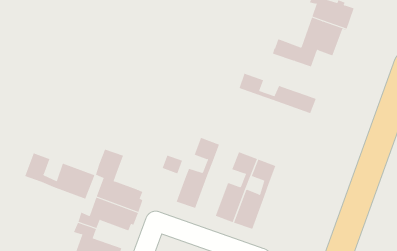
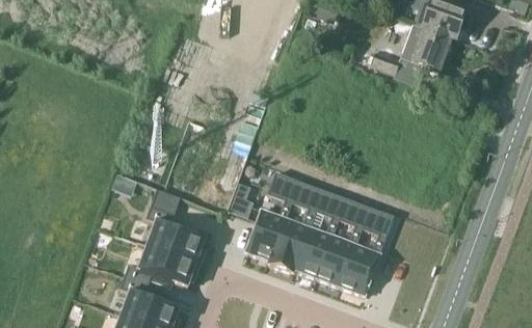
building: [239,73,316,115] -> none
building: none -> [269,181,323,272]
building: [24,153,95,200] -> none
building: none -> [341,207,395,295]

